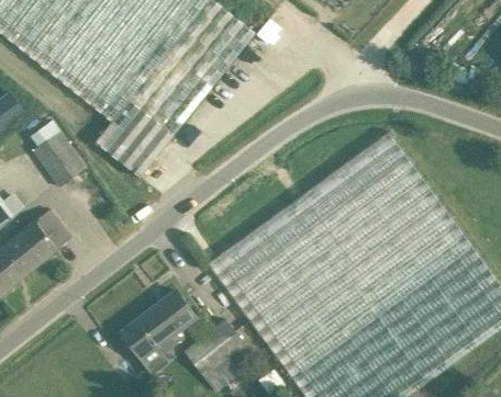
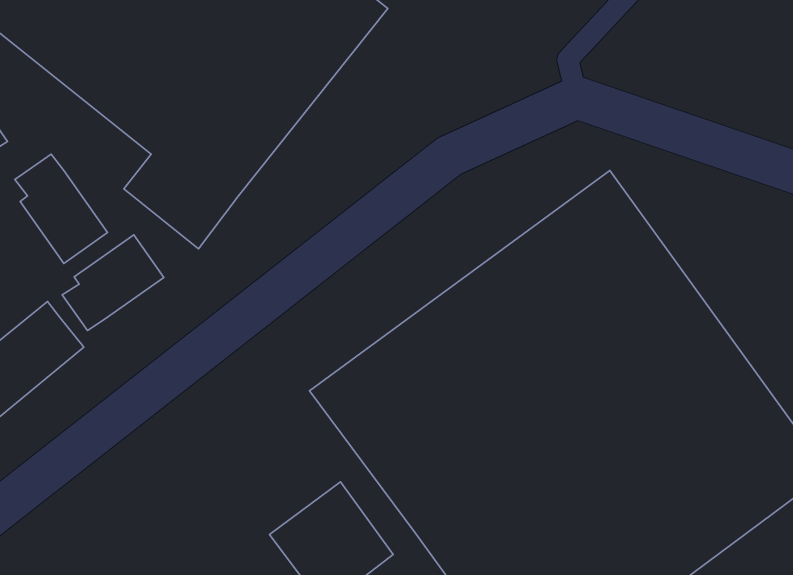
building: none -> [62,235,164,330]
building: [120,290,197,359] -> none

